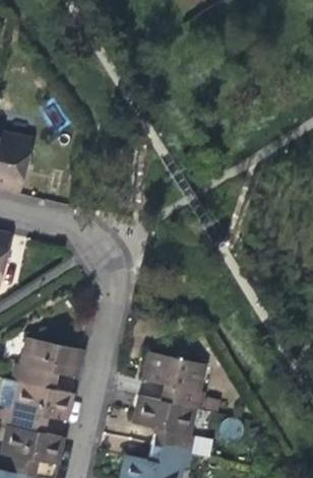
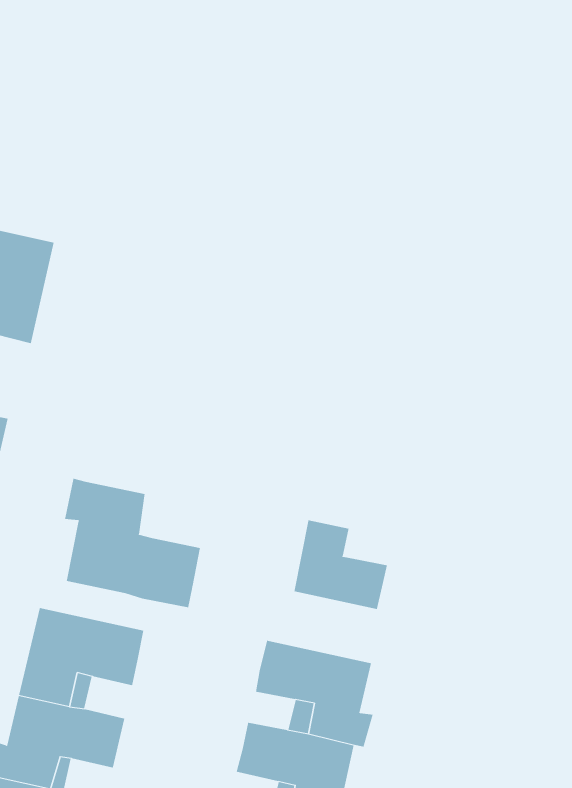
building: none -> [64,478,201,608]
building: none -> [294,519,387,610]

